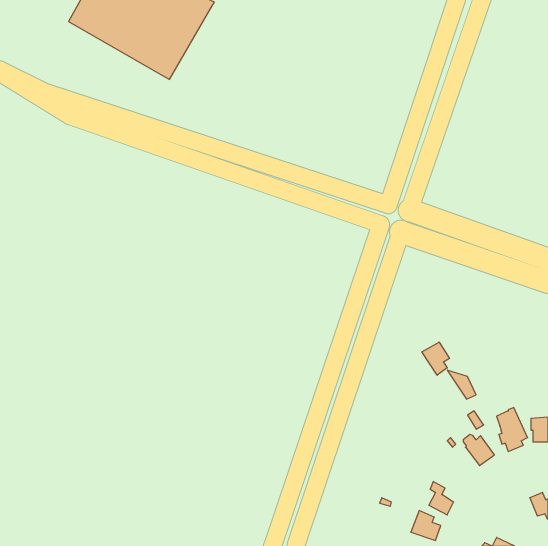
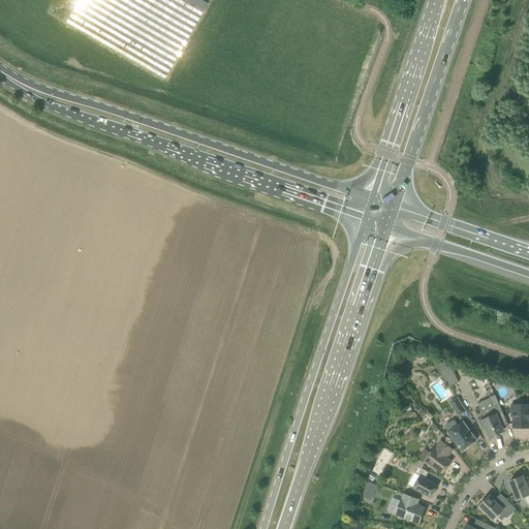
building: [422,342,449,375] -> none
building: none -> [421,440,452,471]
building: none -> [479,493,517,518]

